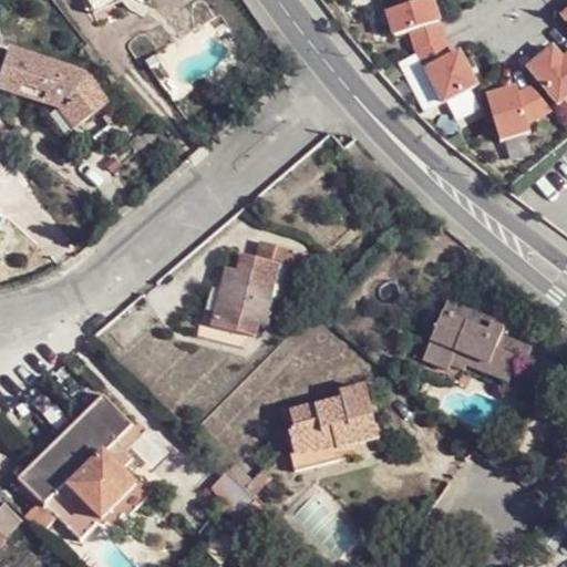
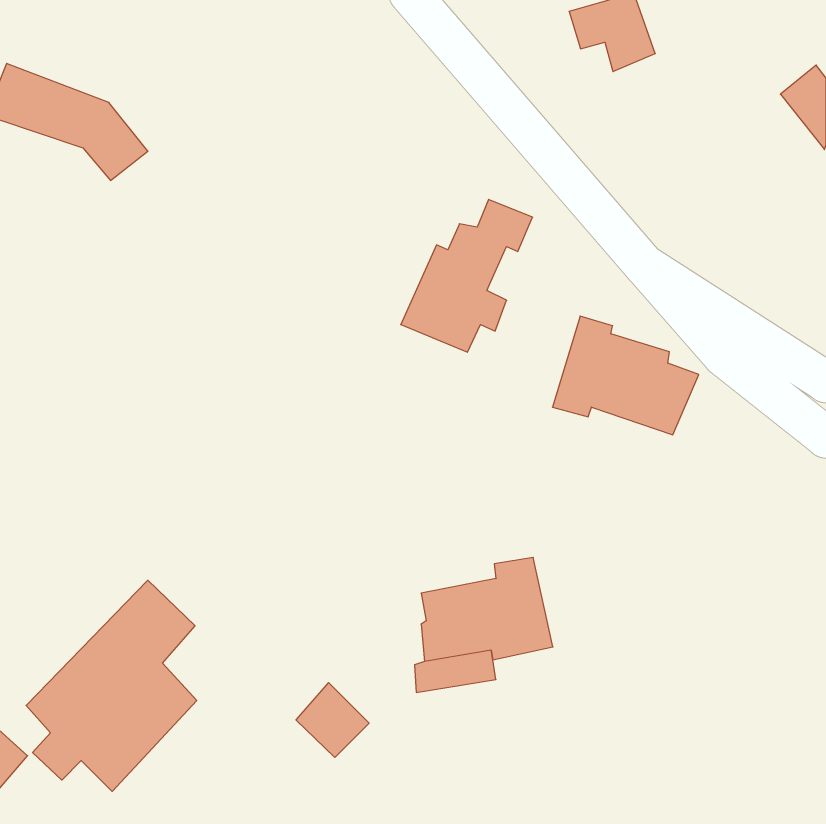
building: [417,37,478,101] -> none
building: [488,84,554,141] -> none
building: [207,227,297,331] -> [401,199,533,352]
building: [419,309,518,390] -> [552,316,699,435]

